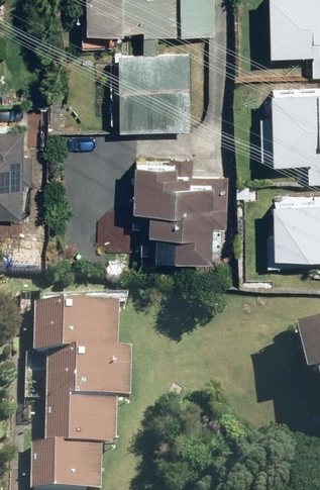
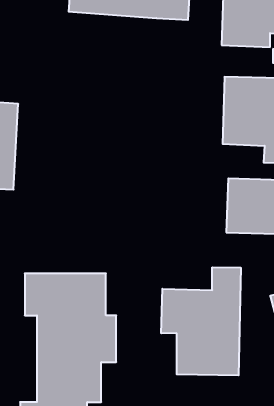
building: [121,50,196,127] -> none
building: [119,164,224,268] -> none
building: none -> [161,267,241,375]

